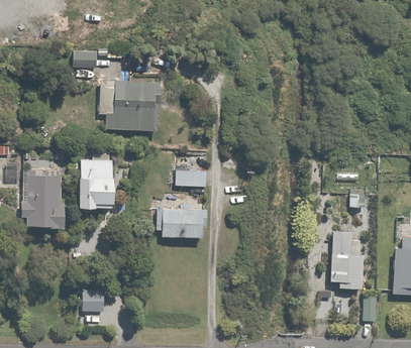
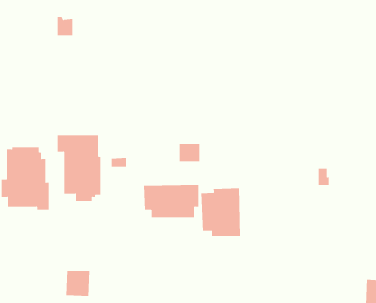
building: [100,80,162,131] -> none
building: none -> [201,188,240,237]
building: [331,228,364,293] -> none

